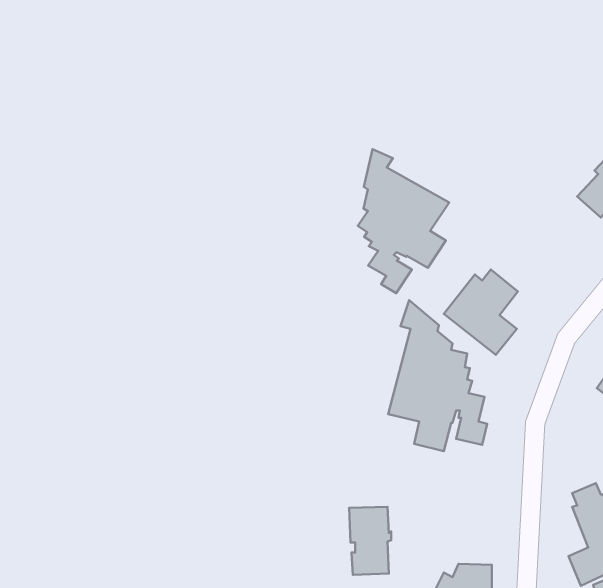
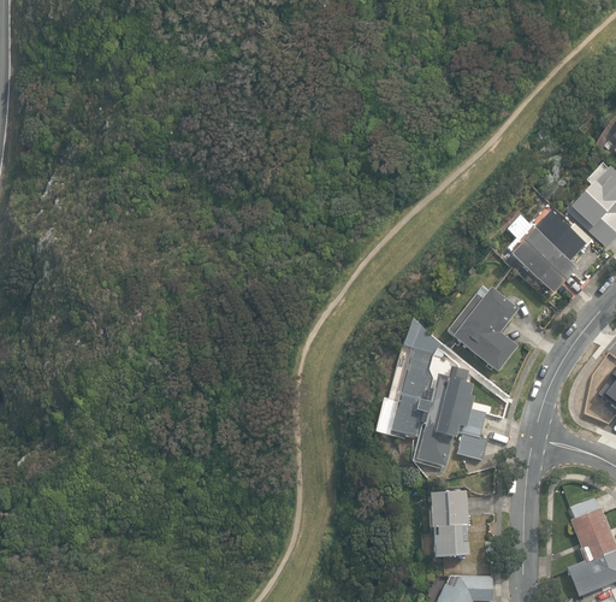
building: [358,149,449,293] -> none
building: none -> [507,205,591,294]
building: [349,507,391,575] -> [428,491,469,557]

